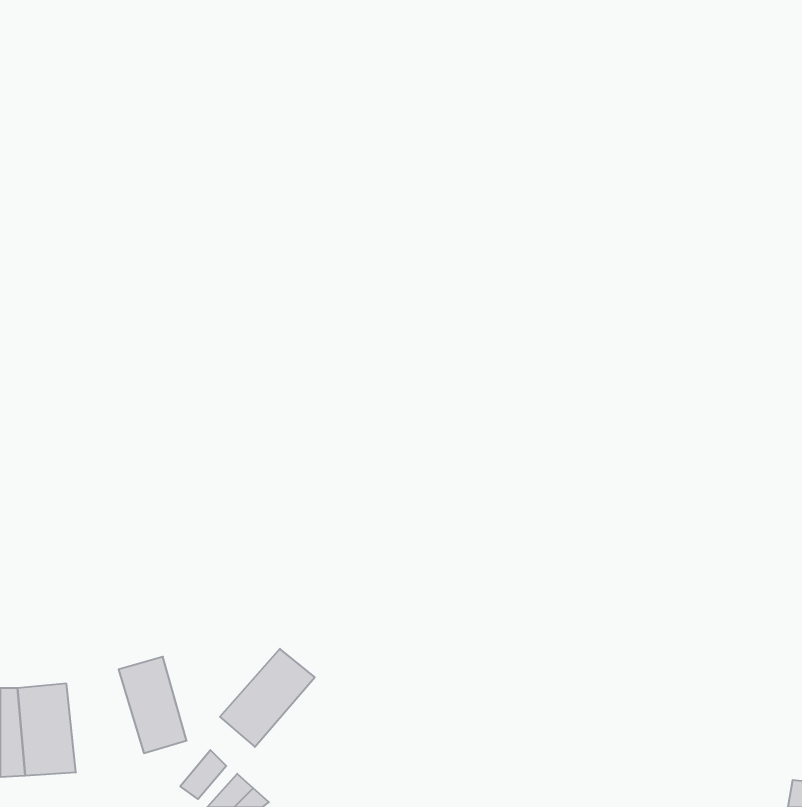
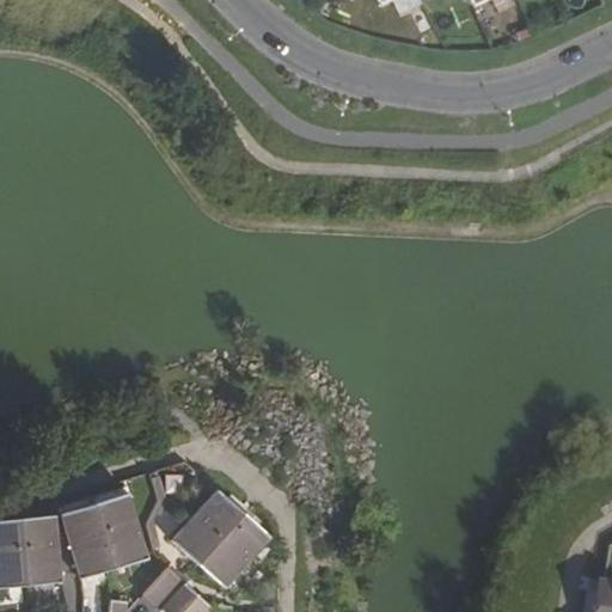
building: none -> [65,506,114,579]
building: none -> [197,512,268,586]

